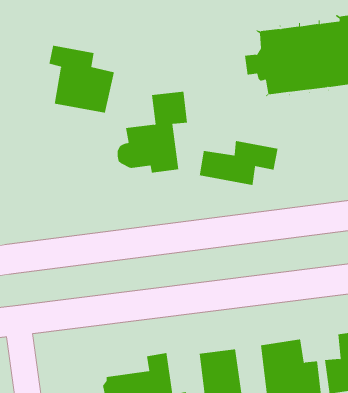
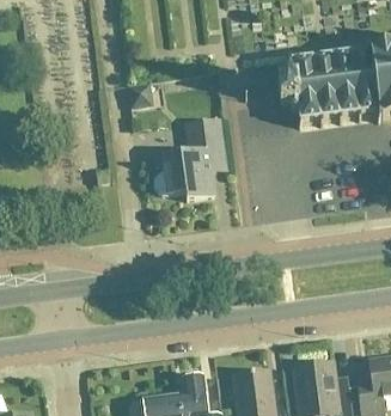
building: [49,45,114,114] -> none
building: [199,140,278,186] -> none

